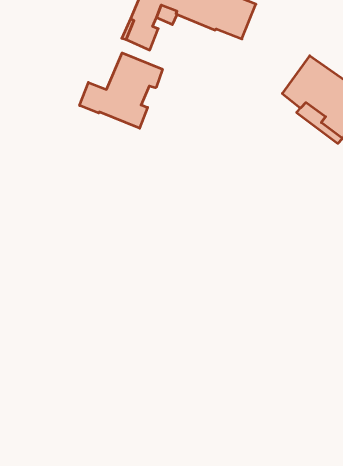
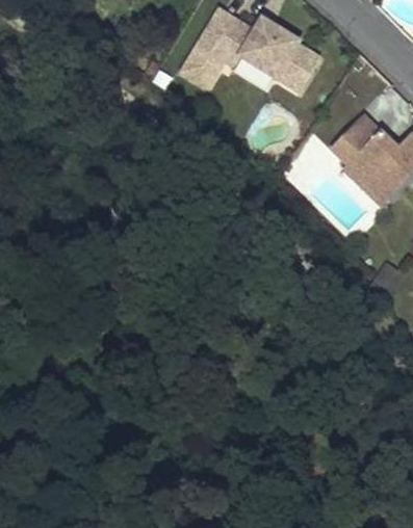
building: [80,53,162,128] -> none

